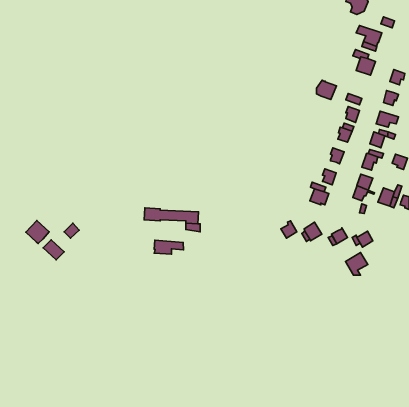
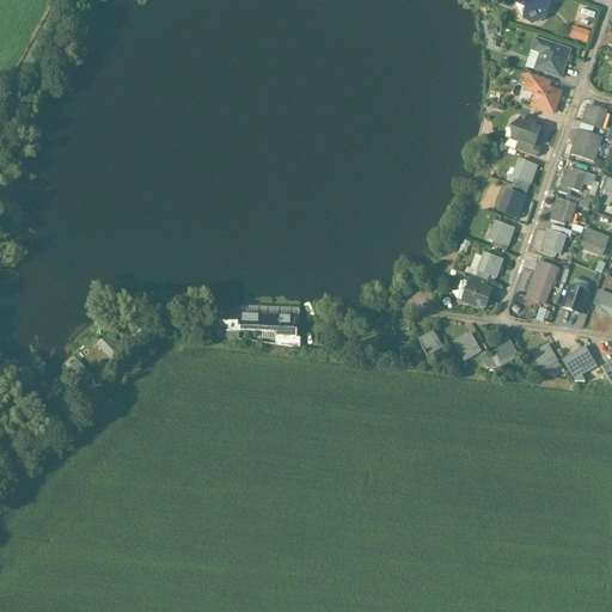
building: [317,80,337,99] -> [513,116,543,145]
building: [26,221,49,243] -> none
building: [154,240,184,254] -> none
building: [345,253,368,275] -> [563,347,596,380]

